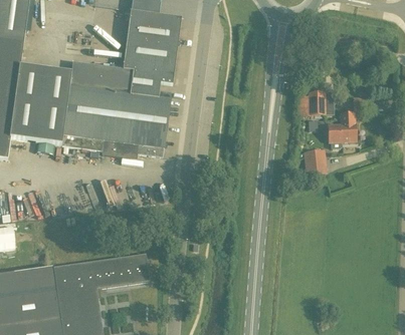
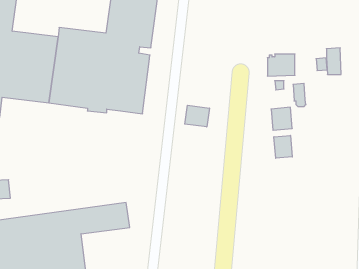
building: [340,111,356,140] -> [326,48,341,74]
building: none -> [185,105,209,127]
building: none -> [274,135,292,158]

